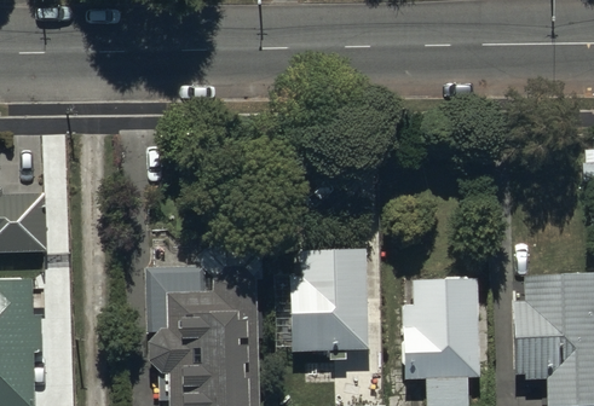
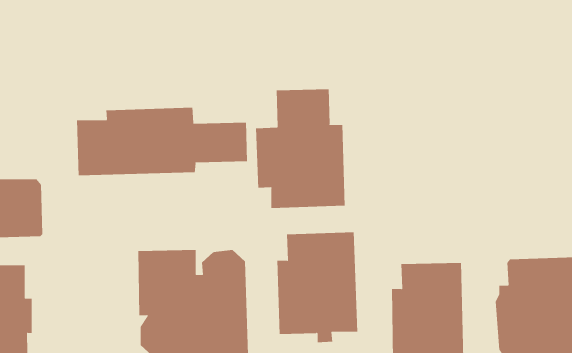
building: none -> [256,88,345,209]
building: none -> [76,107,248,176]

